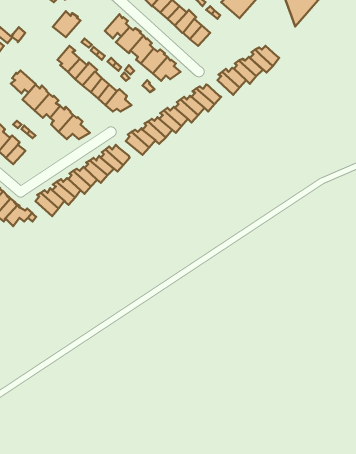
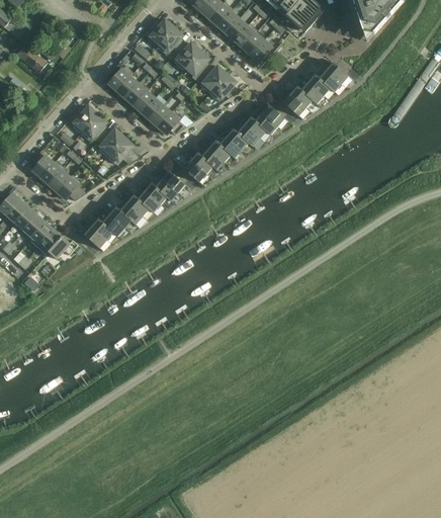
building: [53,11,81,37] -> [144,18,174,47]
building: [11,71,36,94] -> none
building: none -> [58,175,87,201]

